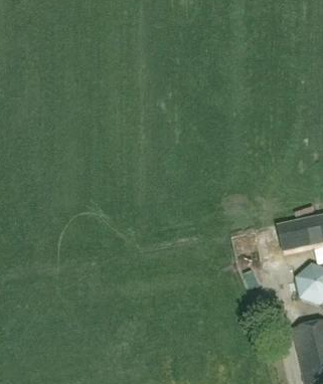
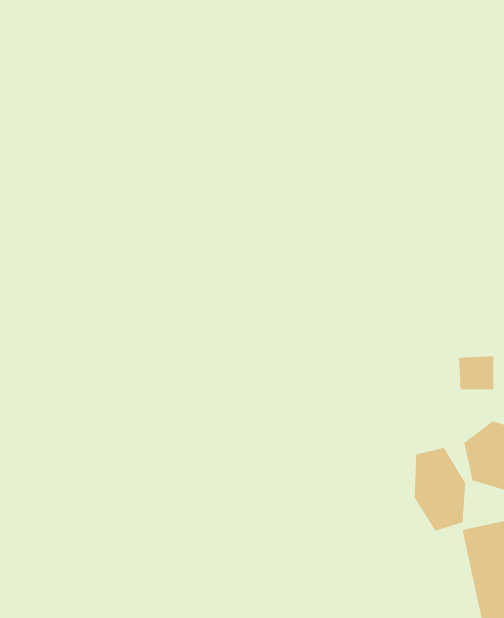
building: none -> [414,447,466,531]

